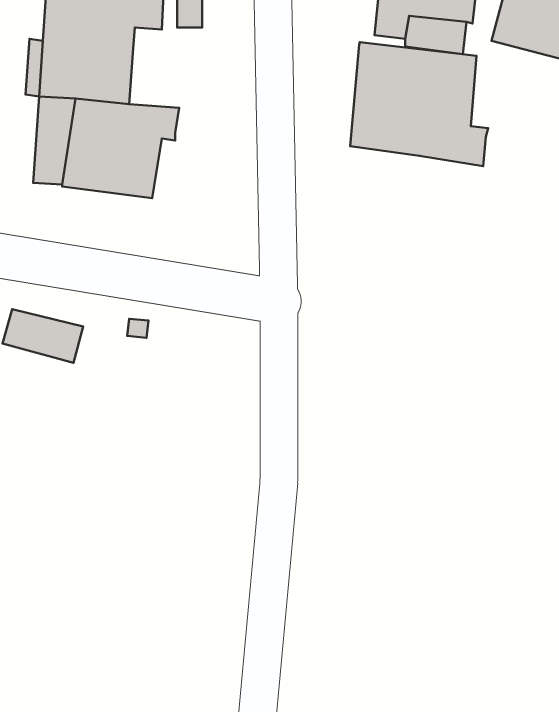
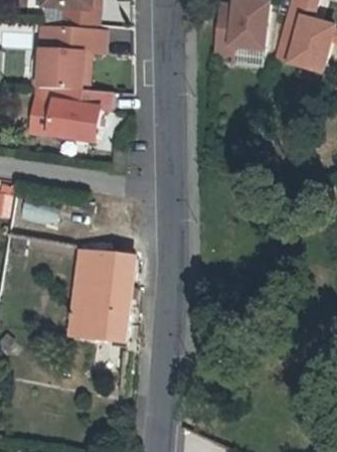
building: [350,42,488,166] -> none
building: none -> [71,252,136,342]

